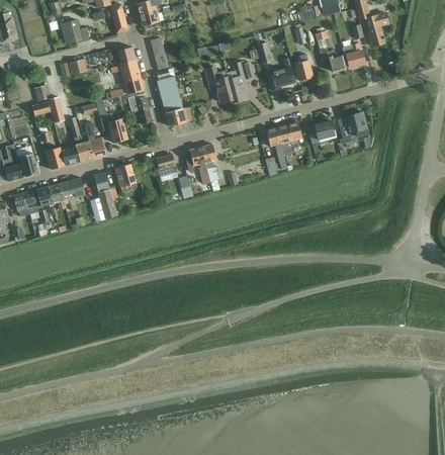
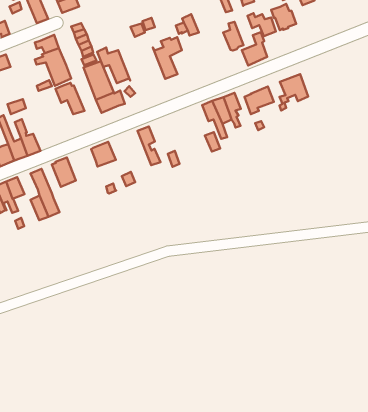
building: [271,57,294,87] -> [242,32,267,65]
building: [205,66,234,101] -> [97,47,130,83]
building: [100,115,127,142] -> none
building: [185,147,210,183] -> none

